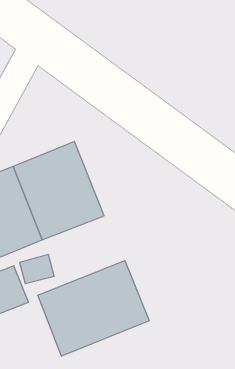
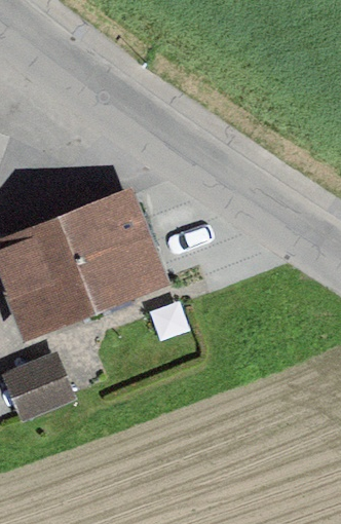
building: [38,261,149,356] -> none

